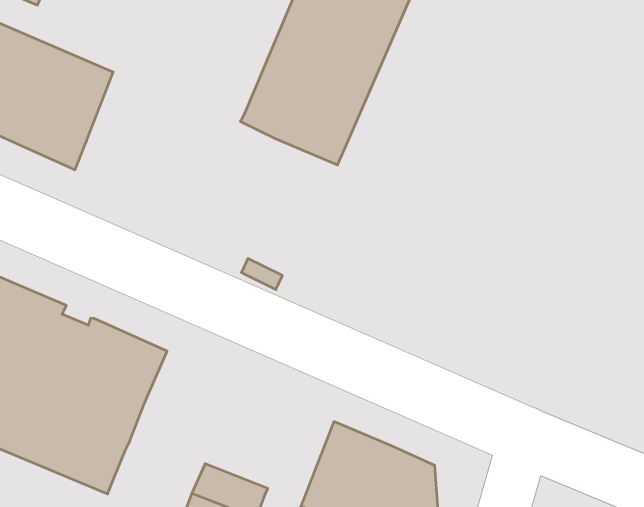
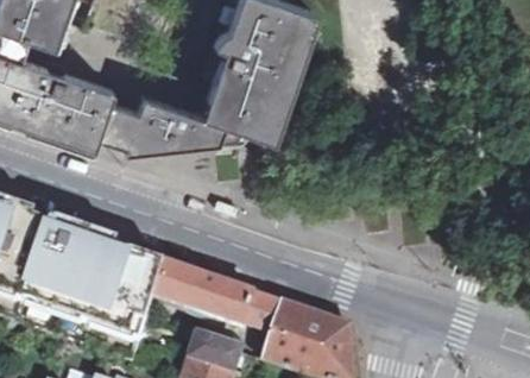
building: none -> [101,88,226,144]
building: none -> [153,263,279,332]

